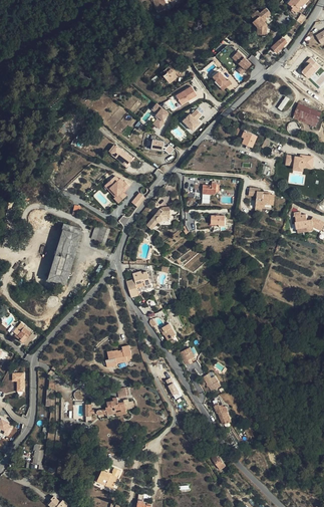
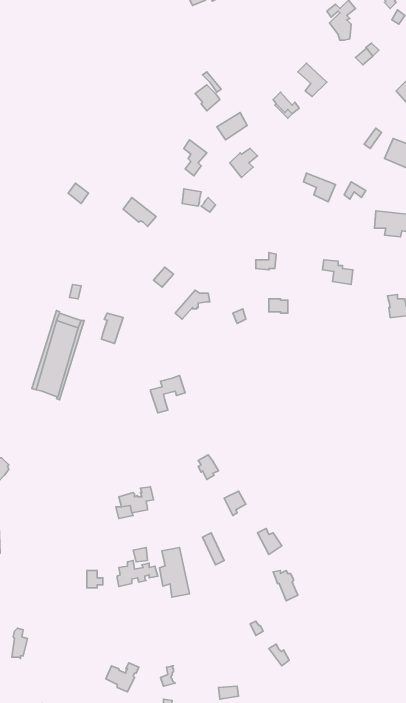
building: [102,174,128,203] -> none
building: none -> [159,548,189,597]

